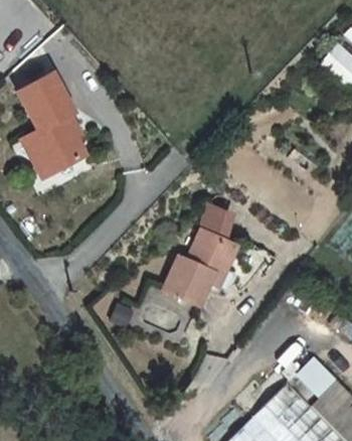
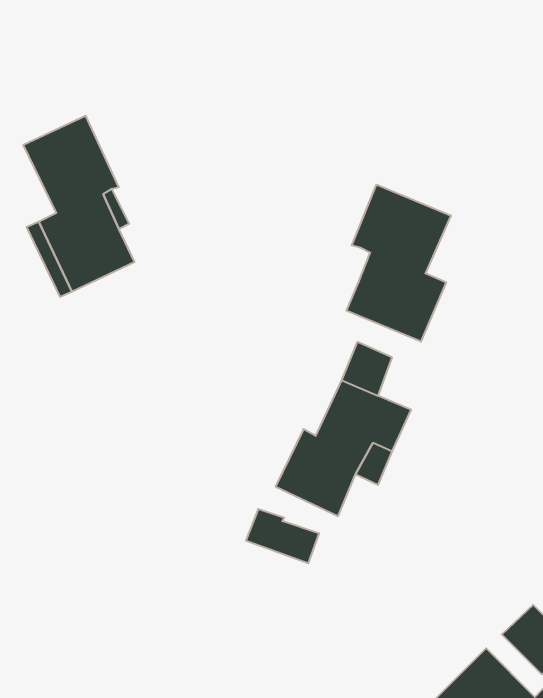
building: none -> [347,185,451,342]

